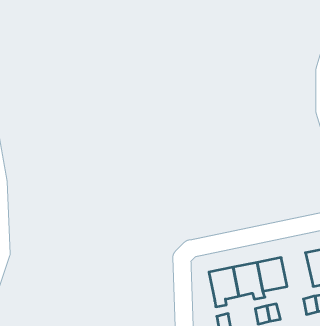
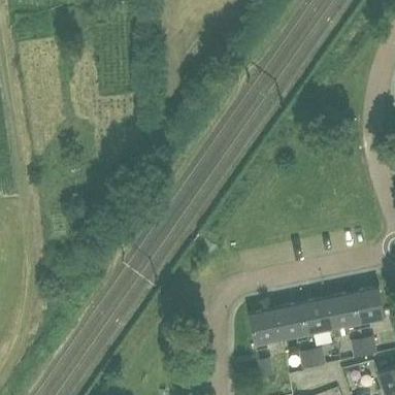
building: none -> [327,293,361,332]

